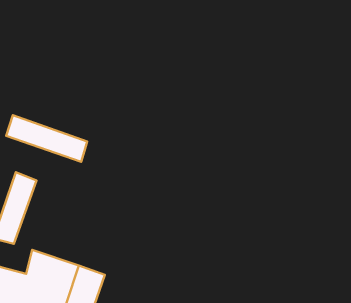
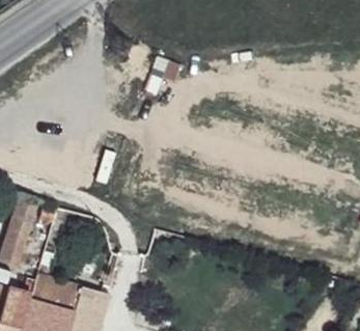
building: [6,115,87,162] -> none

